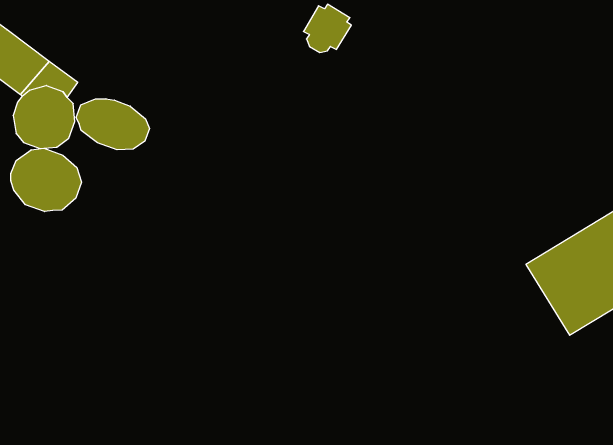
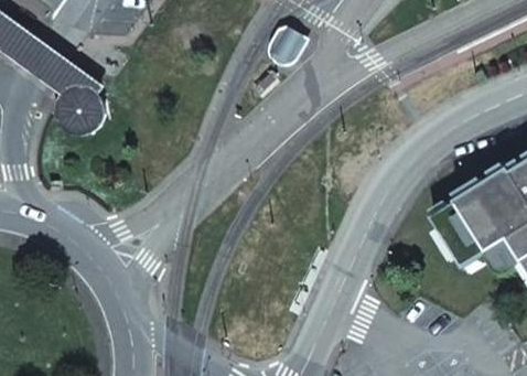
building: [76,99,150,150] -> none
building: [11,148,82,212] -> none

